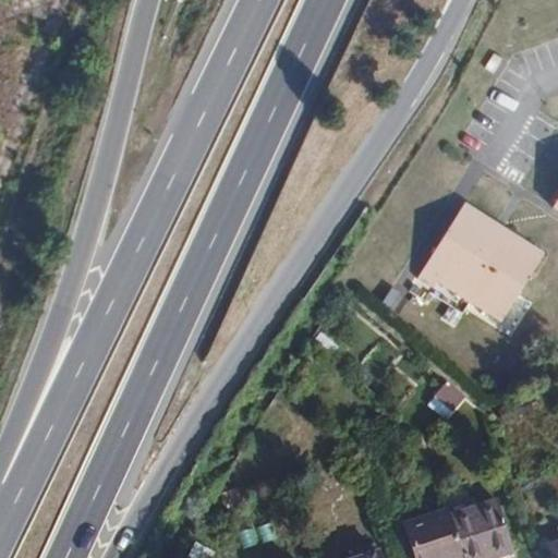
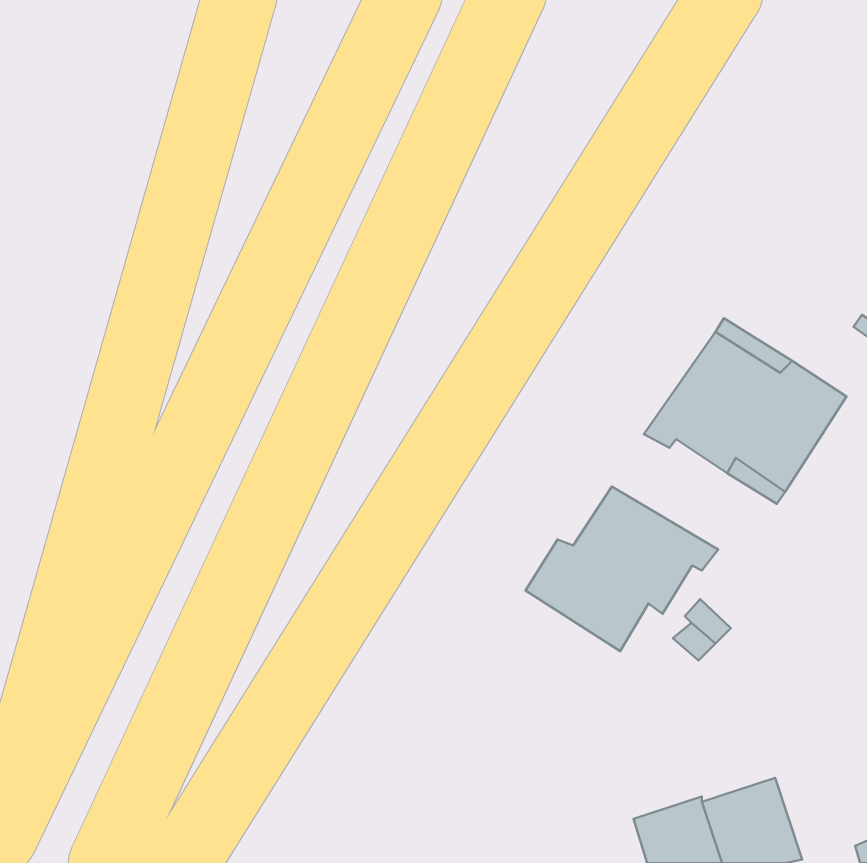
building: none -> [525,486,718,651]

